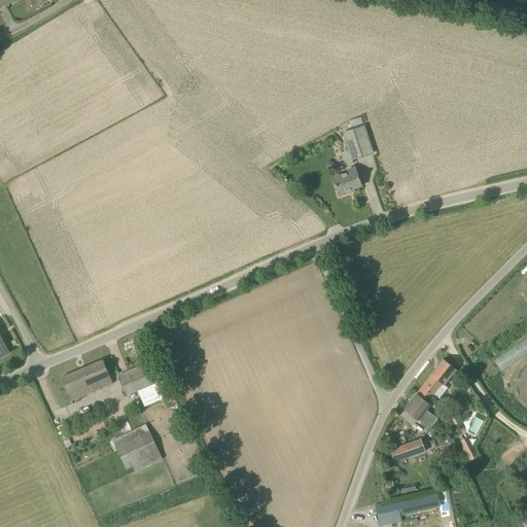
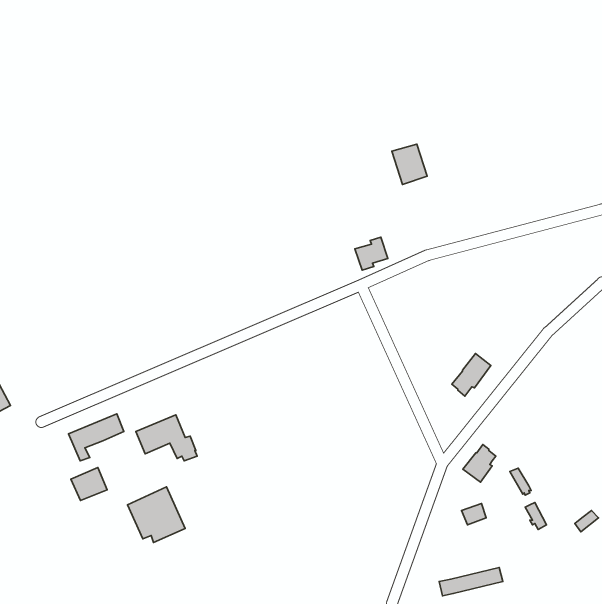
building: [331,168,360,197] -> [355,237,388,270]
building: [421,360,455,397] -> [452,354,491,396]
building: none -> [71,468,107,501]

